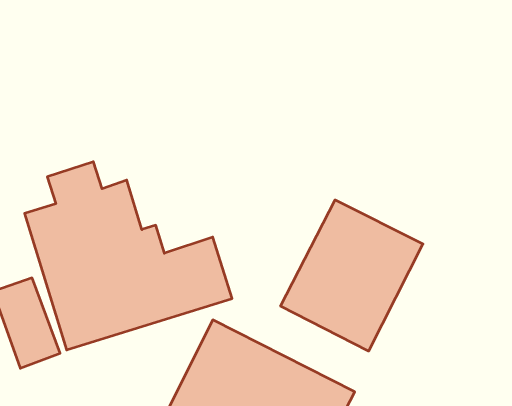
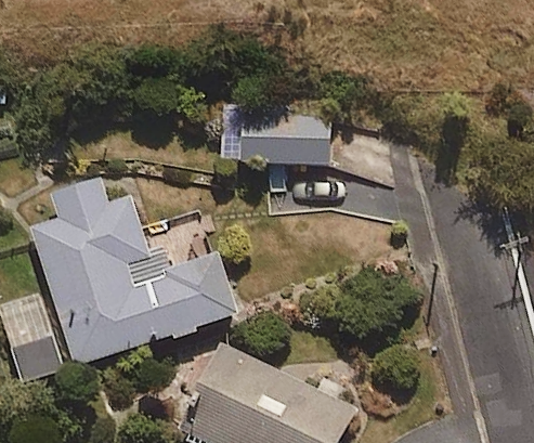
building: none -> [218,107,330,164]
building: [281,200,423,351] -> none

